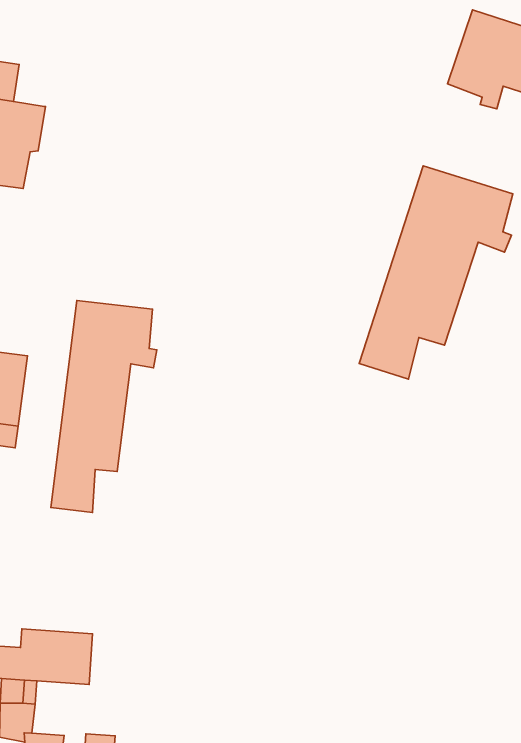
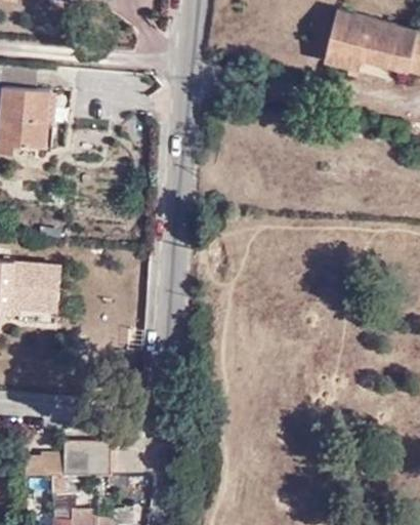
building: [359,166,513,379] -> none
building: [51,301,157,512] -> none

